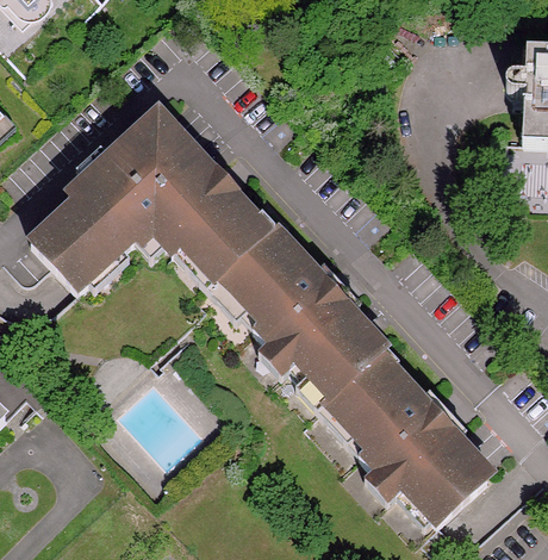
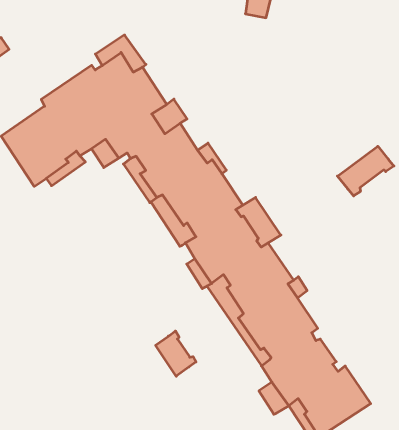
building: none -> [337,146,394,196]
building: [407,382,463,440] -> none
building: none -> [156,331,196,376]

